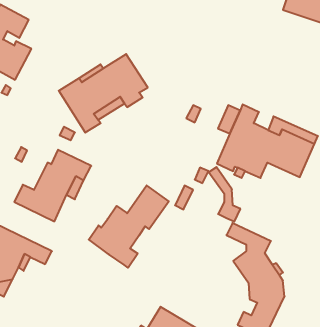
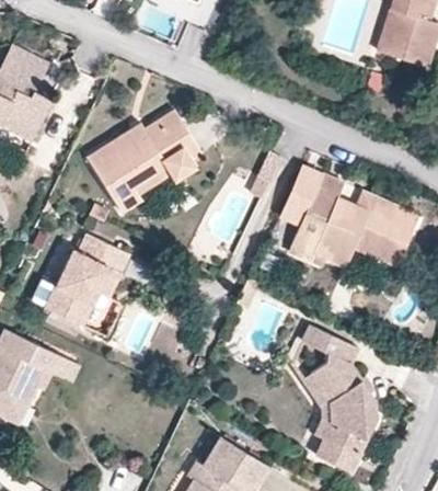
building: [209,167,240,222] -> [301,375,342,445]
building: [89,185,169,268] -> none

